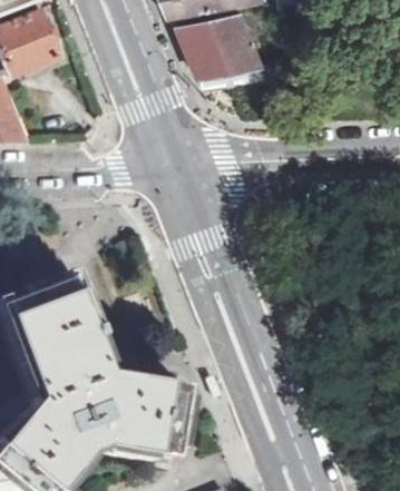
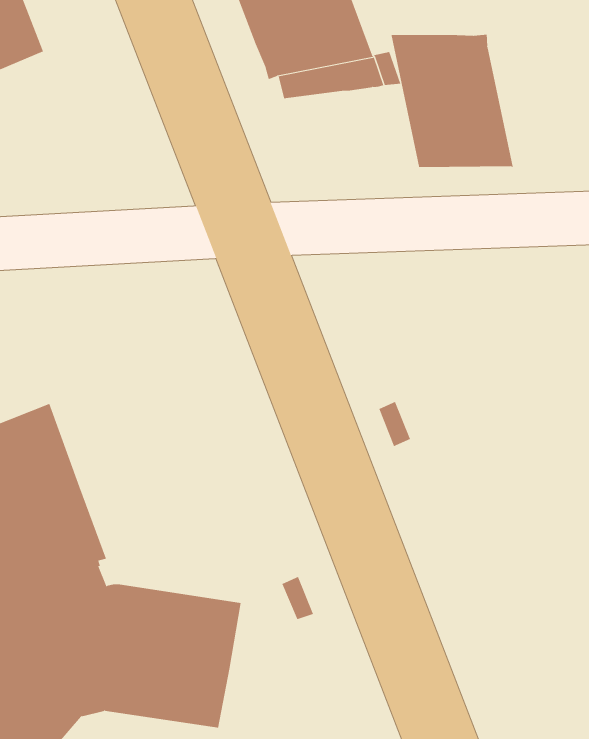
building: none -> [391,34,513,168]

